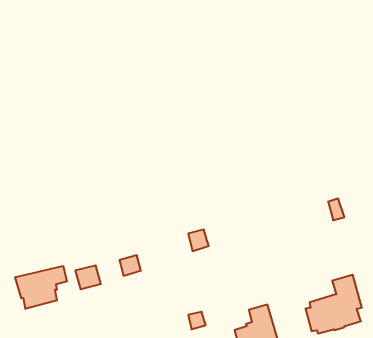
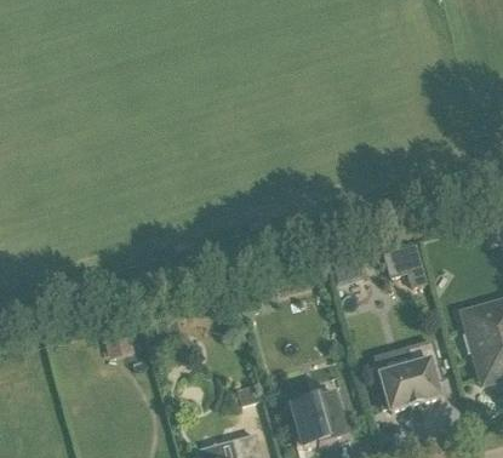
building: [15,266,67,309] -> none

